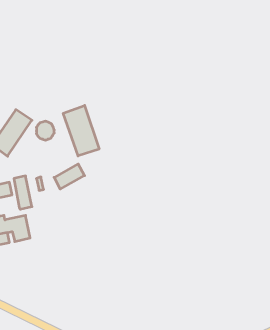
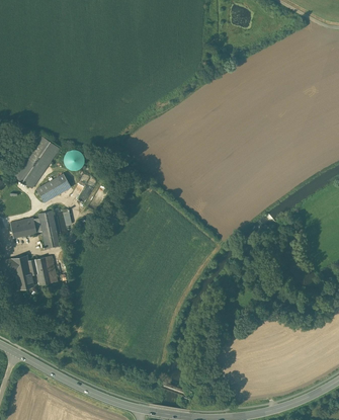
building: [63,105,99,156] -> none
building: [54,164,85,189] -> [37,174,72,202]

